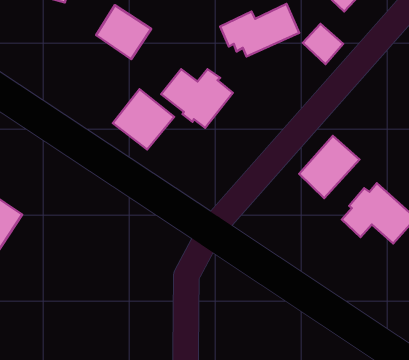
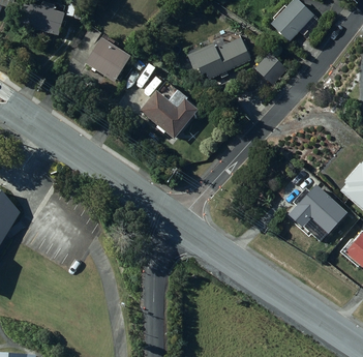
building: [113,89,174,149] -> none
building: [299,136,359,198] -> none

